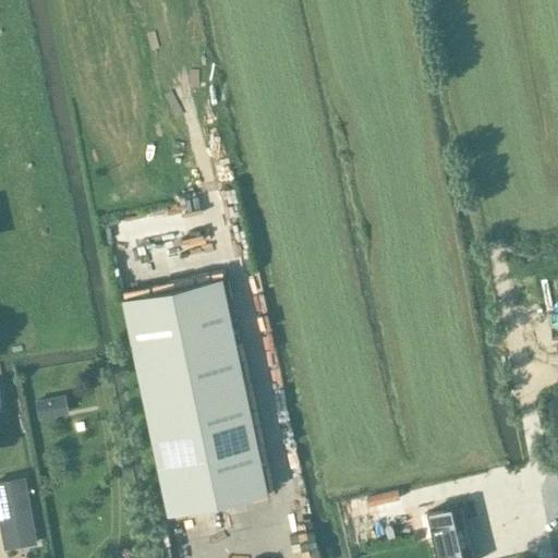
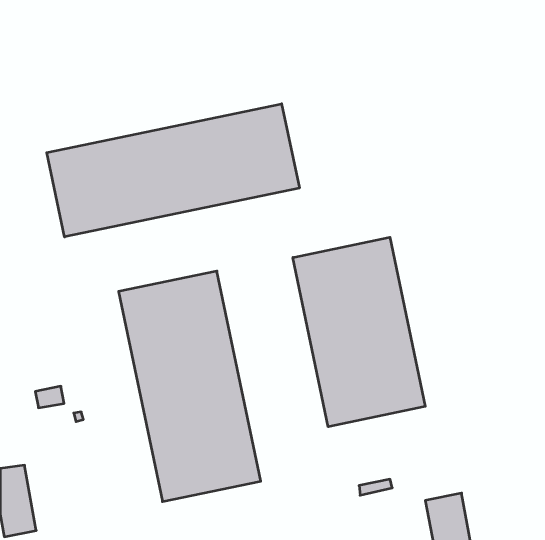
building: none -> [47,104,299,237]
building: none -> [293,237,425,427]

